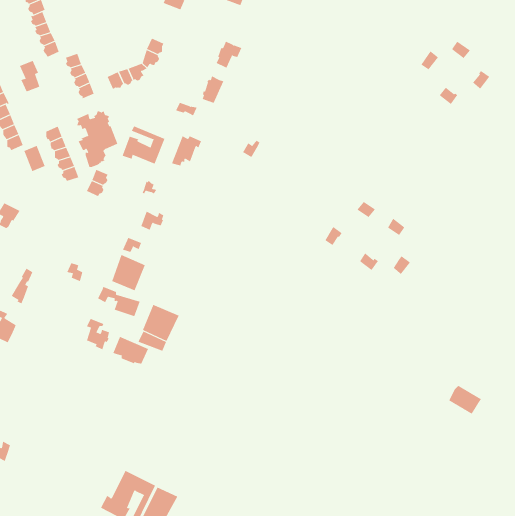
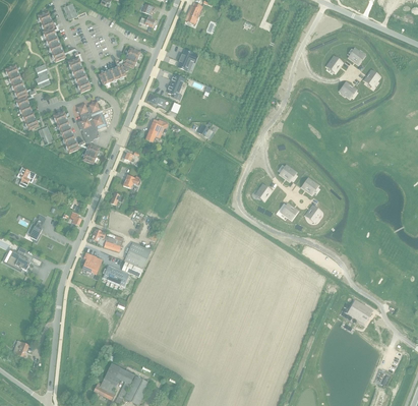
building: [122,126,165,164] -> none
building: [112,254,146,291] -> none

